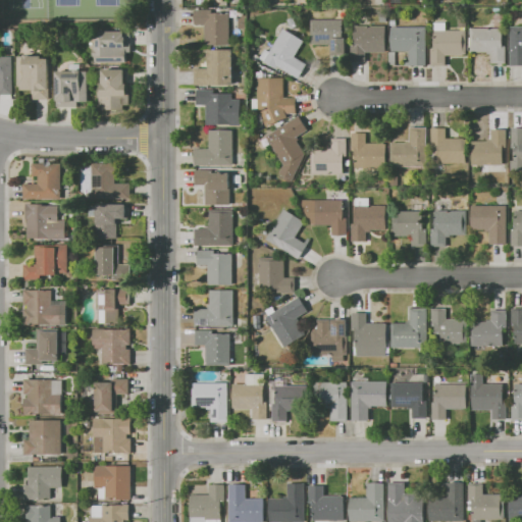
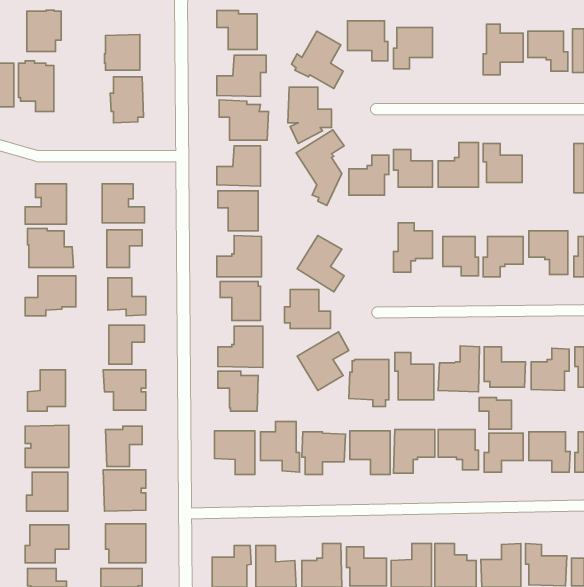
building: [389,27,425,65] -> none
building: [55,69,86,106] -> [27,10,61,52]
building: [471,128,505,164] -> none
building: [311,200,346,234] -> none
building: [22,290,65,324] -> none
building: none -> [479,398,512,429]

